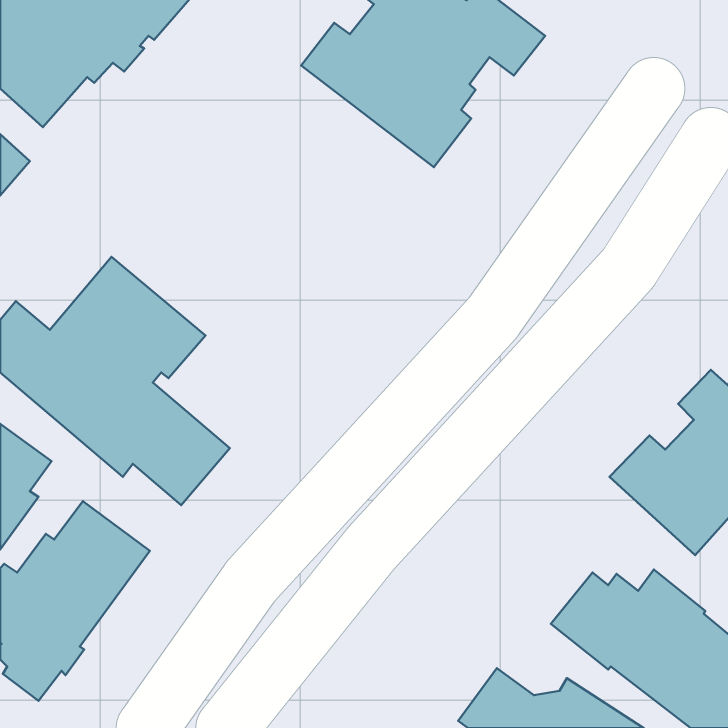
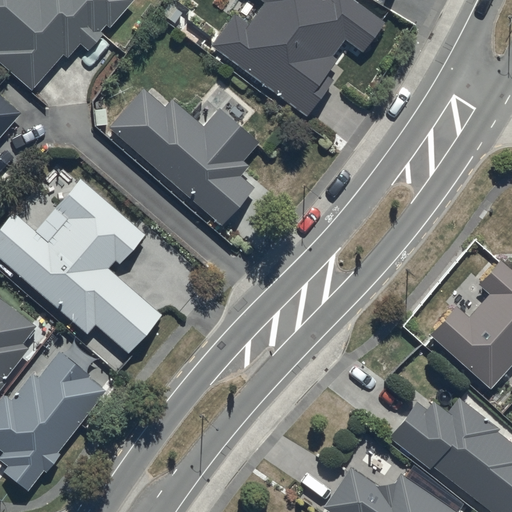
building: none -> [110,91,257,226]

